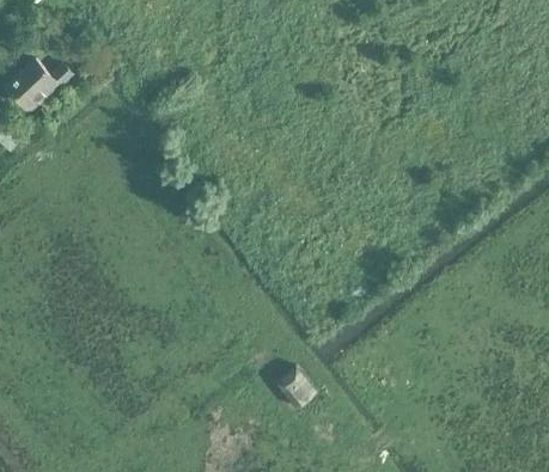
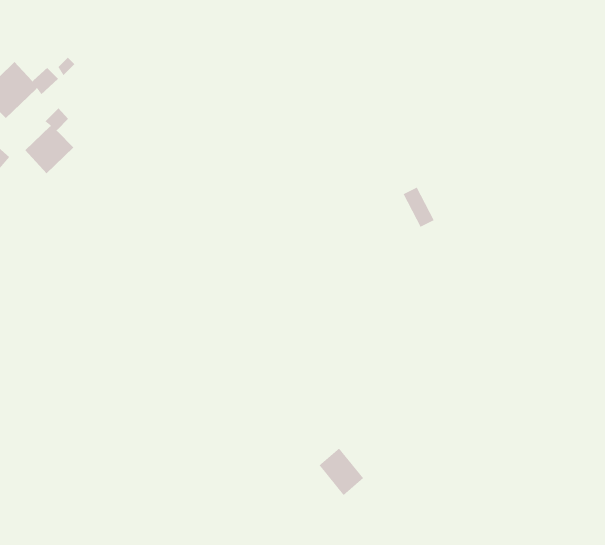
building: none -> [24,108,74,174]

